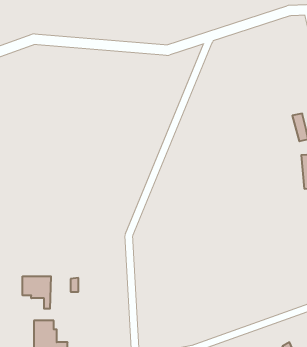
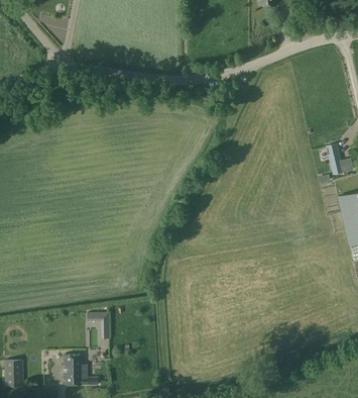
building: [23,276,51,309] -> none

